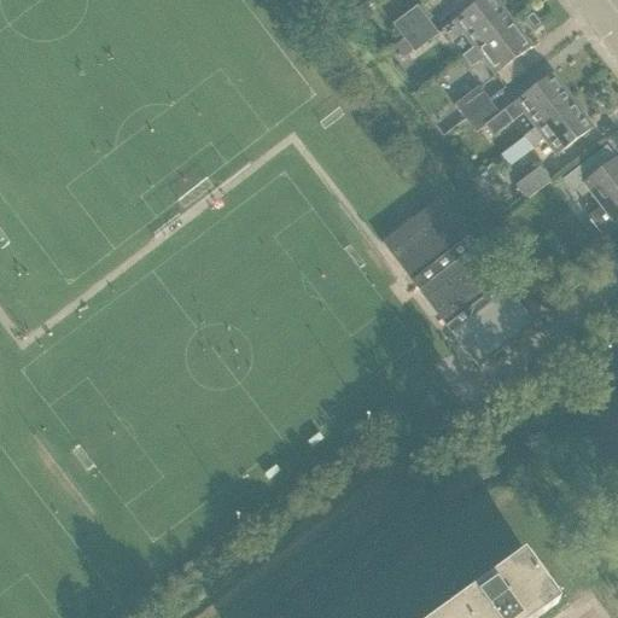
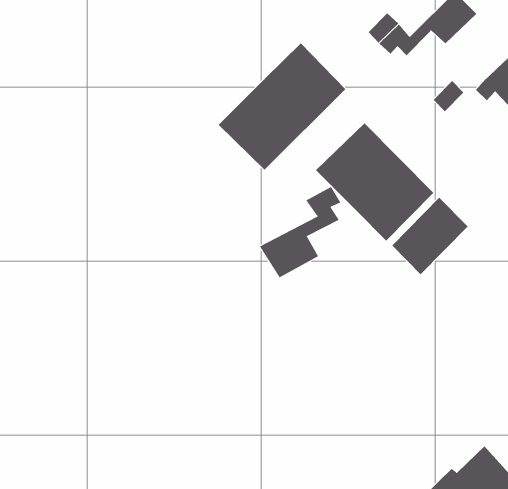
building: [509,98,594,156] -> none
building: none -> [218,42,346,170]
building: none -> [259,186,341,278]

